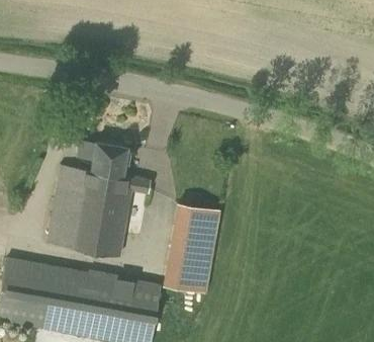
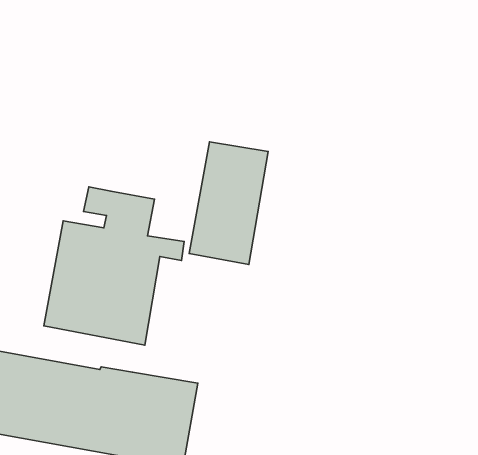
building: [163,202,221,293] -> [189,142,268,265]

